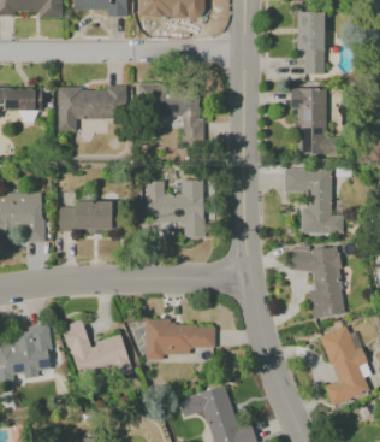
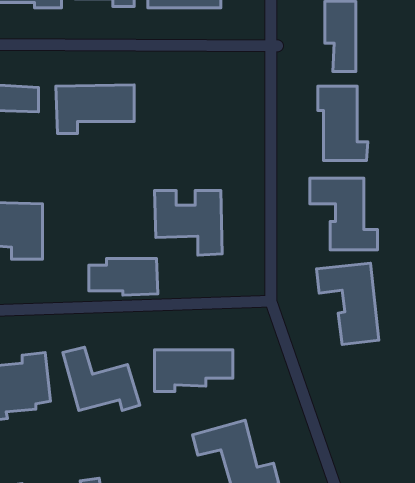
building: [138,86,204,146] -> none
building: [59,201,120,234] -> [89,259,158,295]
building: [320,326,372,406] -> none

